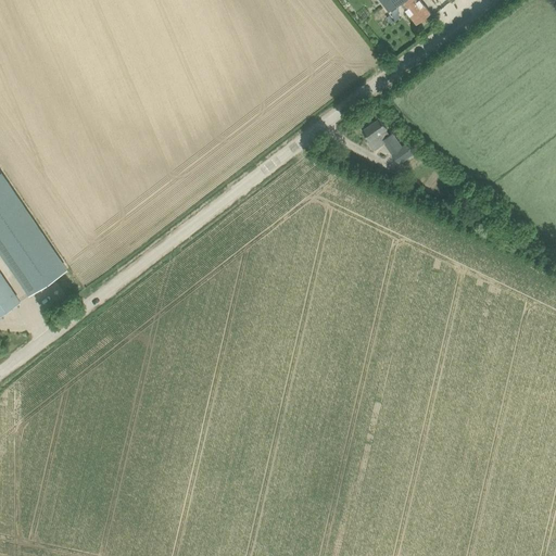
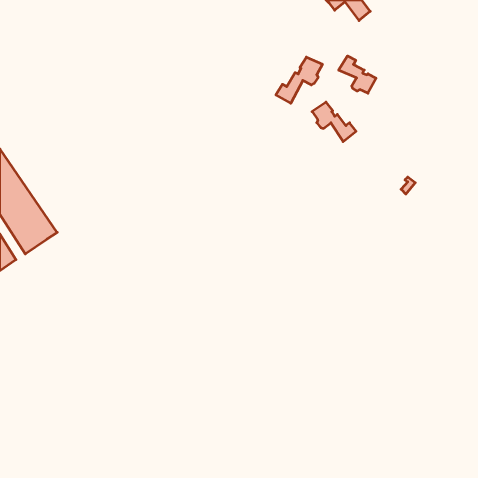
building: none -> [339,56,376,93]
building: none -> [276,57,322,103]

